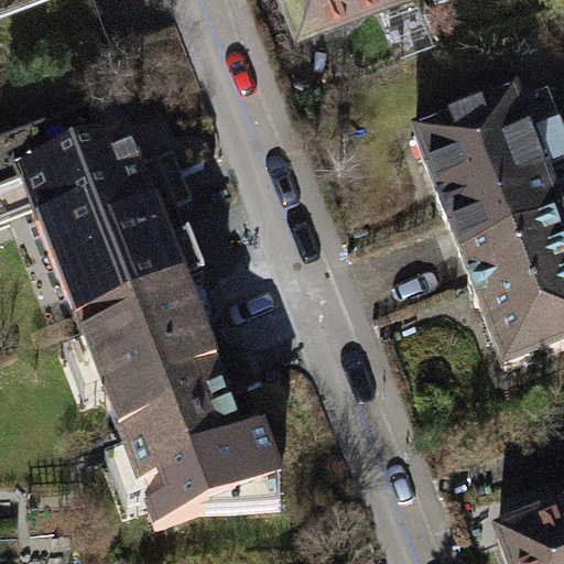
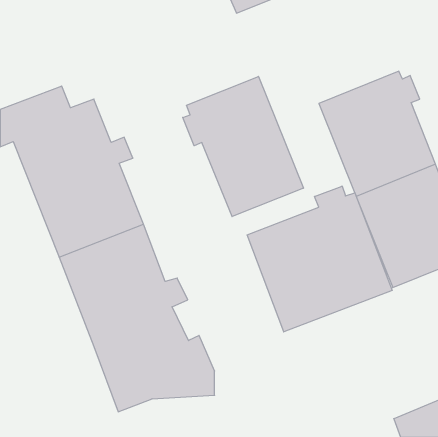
building: none -> [183,76,303,217]
building: none -> [247,186,392,332]

